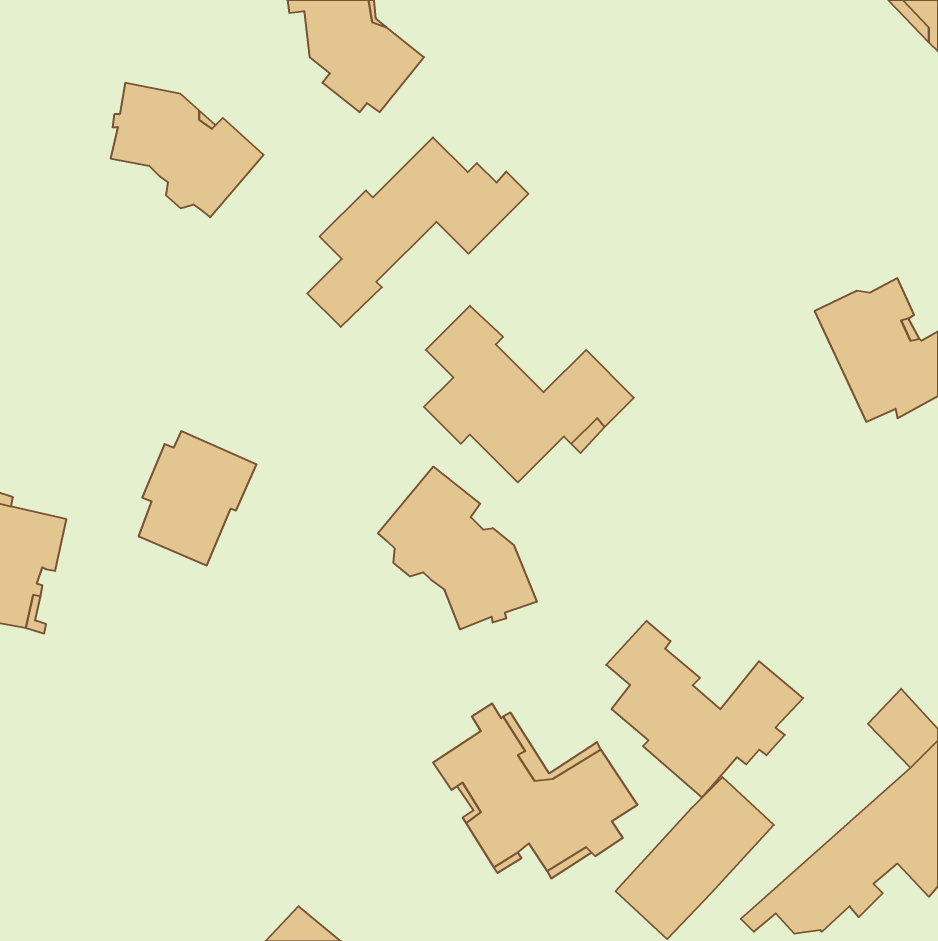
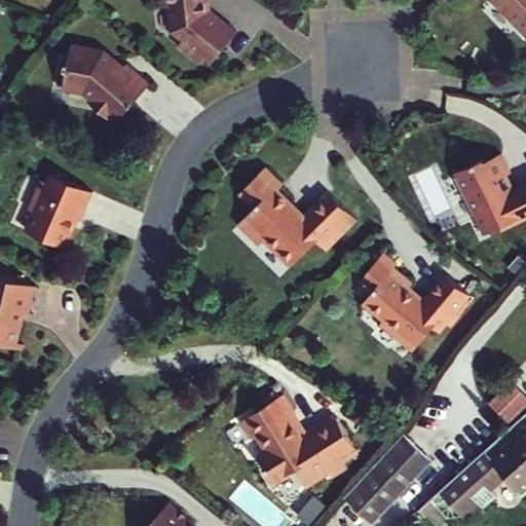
building: [307,137,528,327] -> none
building: [139,431,257,566] -> [26,177,91,252]
building: [378,467,537,629] -> none
building: [606,621,803,798] -> [359,254,468,352]

